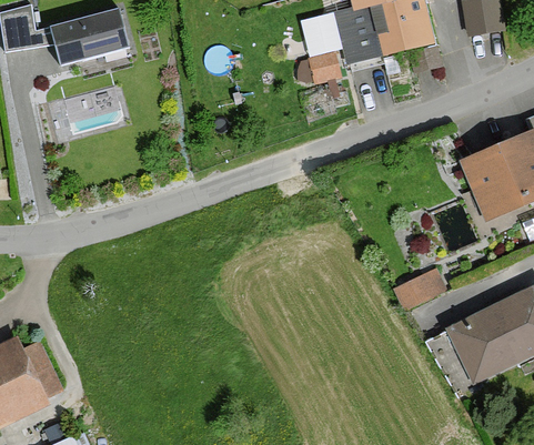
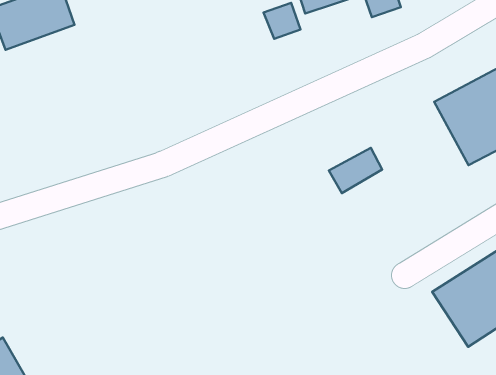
building: [391,271,441,311] -> [329,148,382,193]

